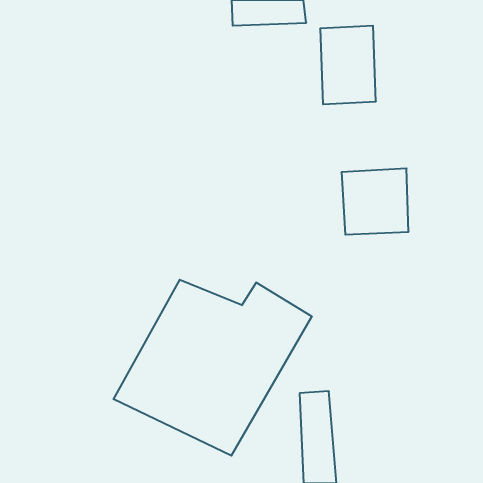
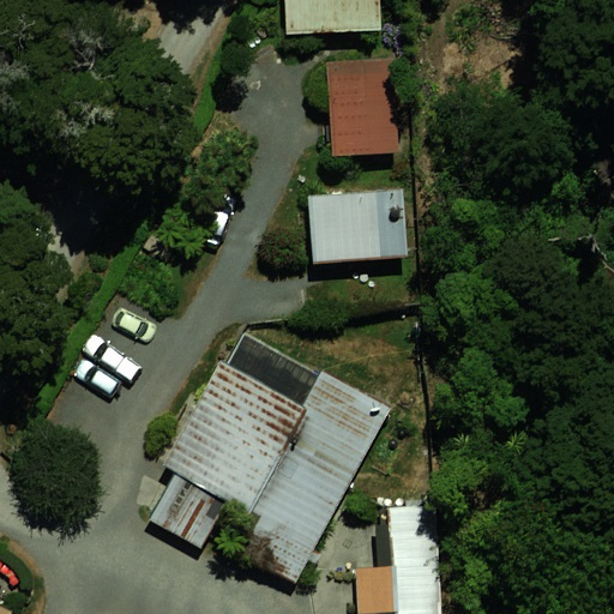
building: [320,26,376,104] -> [324,53,395,152]
building: [341,168,409,235] -> [308,181,393,265]

